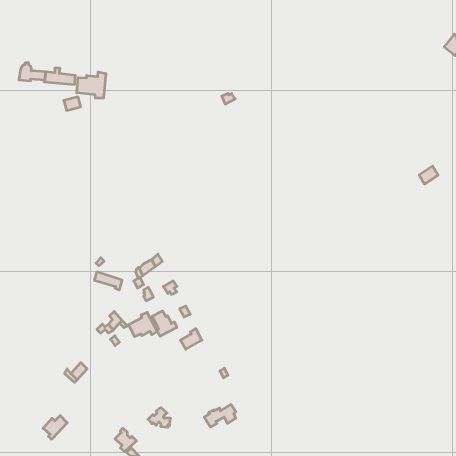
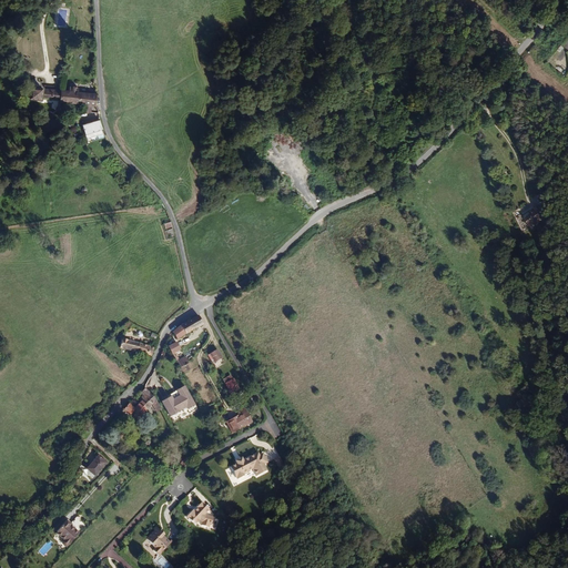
building: [77,72,106,98] -> none
building: [152,311,177,336] -> none
building: [204,405,236,427] -> [230,453,268,480]

